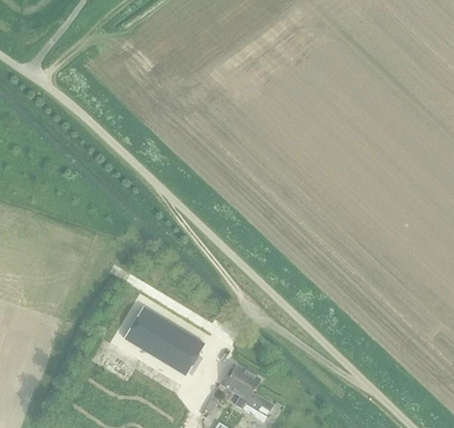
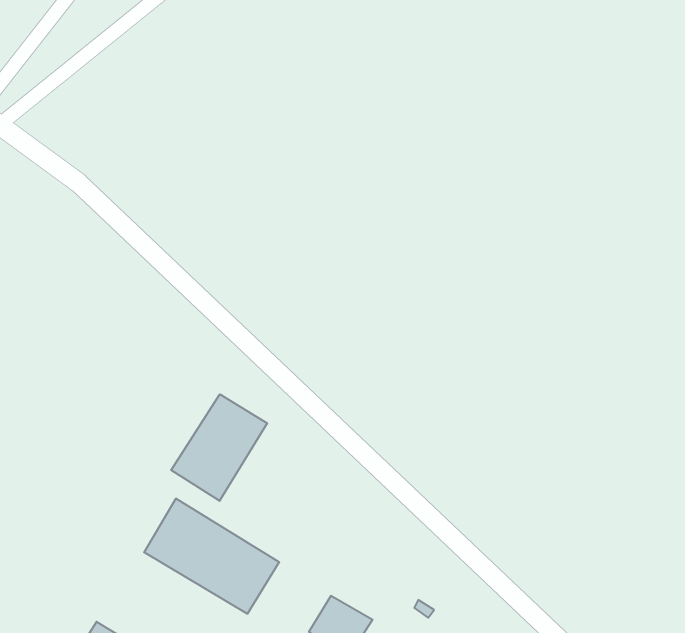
building: none -> [171,394,267,501]

